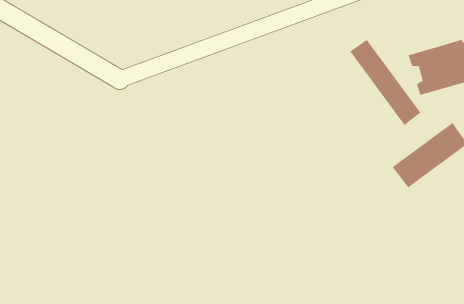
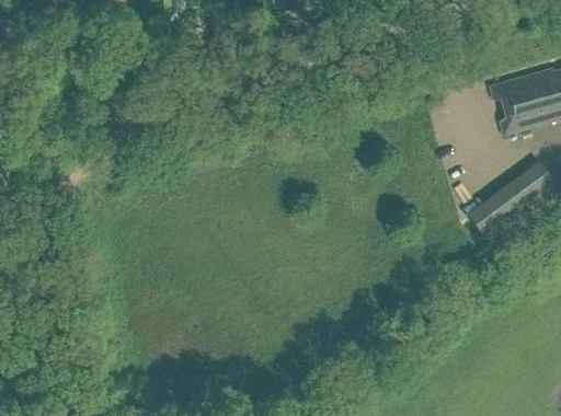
building: [350,39,421,126] -> none

